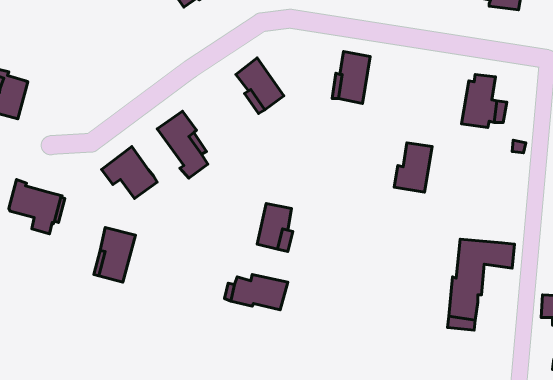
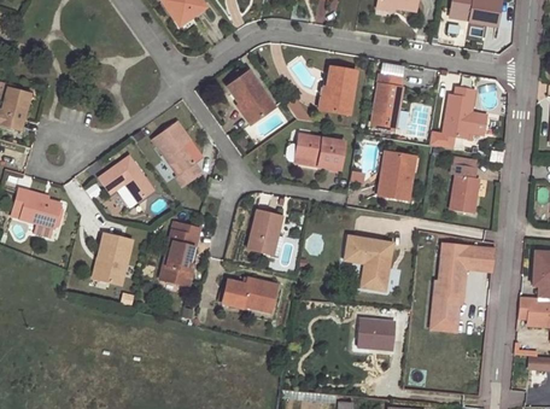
building: none -> [373,74,403,127]
building: none -> [286,134,345,169]
building: none -> [450,163,479,212]
building: none -> [160,222,200,286]
building: none -> [345,235,393,291]
building: none -> [358,317,394,349]

